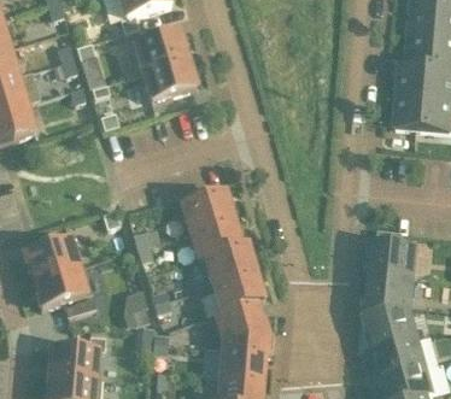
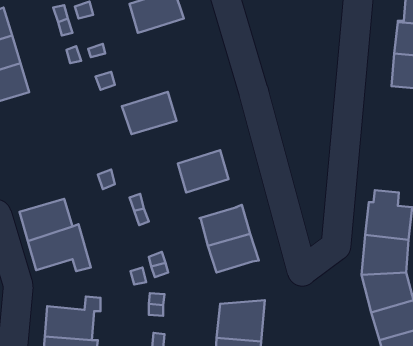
building: [141,58,195,100] -> [122,92,176,134]
building: [189,218,240,260] -> none
building: [213,300,268,342] -> none

